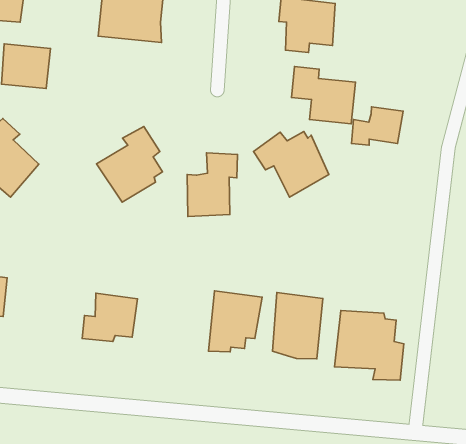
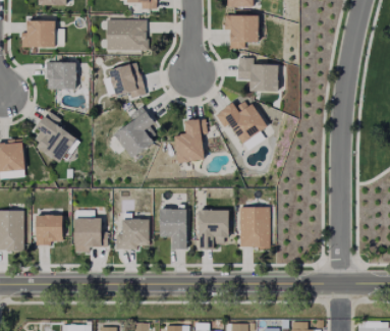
building: none -> [108,61,145,97]
building: [351,107,403,145] -> none
building: none -> [74,216,106,252]
building: none -> [160,208,186,249]
building: [334,310,404,380] -> none

